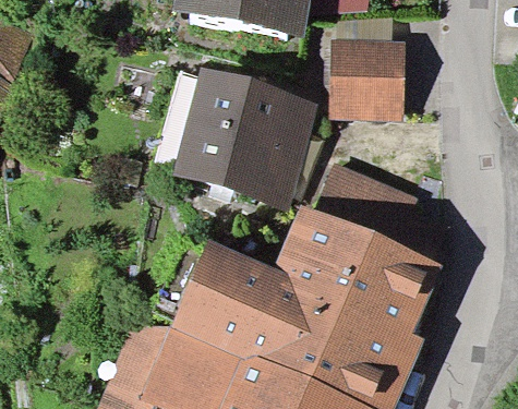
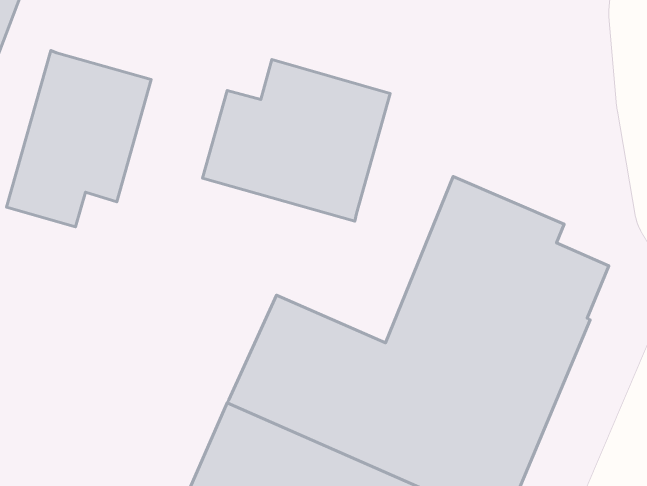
building: [339,58,408,113] -> none
building: none -> [6,50,151,227]

